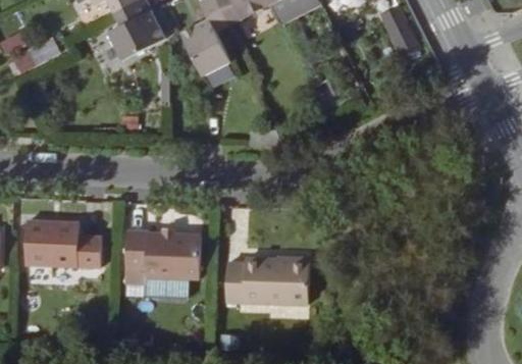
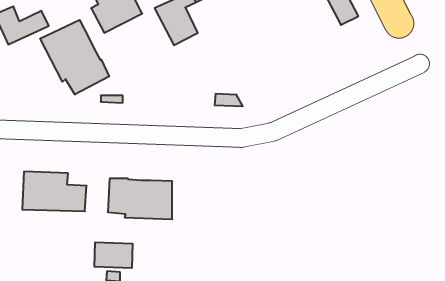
building: none -> [40,20,109,95]
building: [226,258,309,303] -> none
building: none -> [94,242,133,268]

